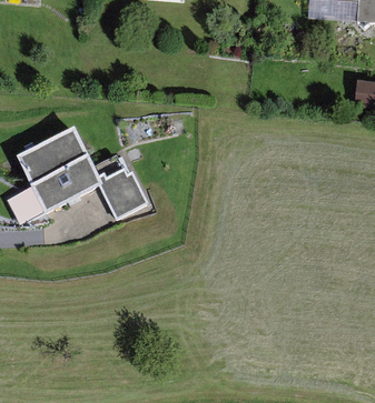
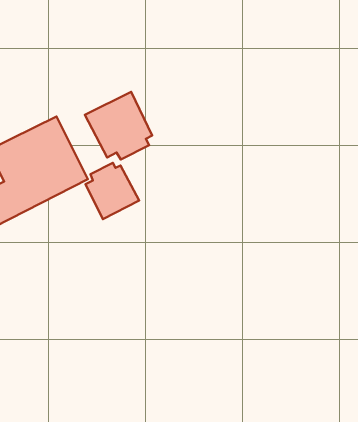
building: none -> [85,92,152,160]

